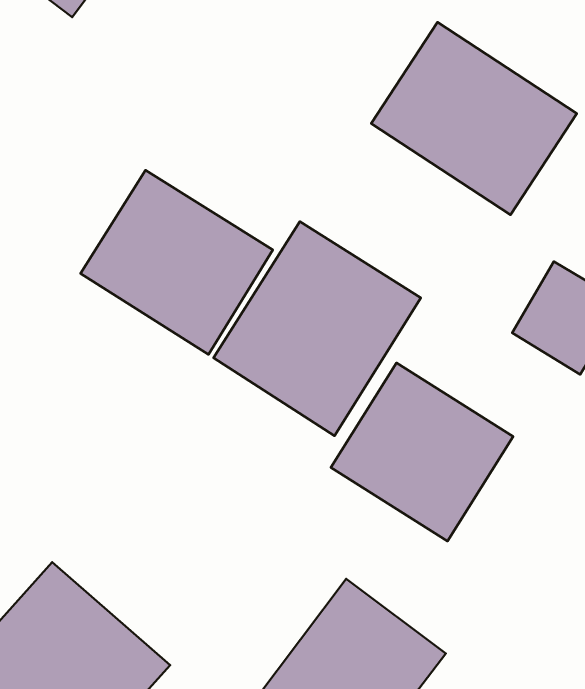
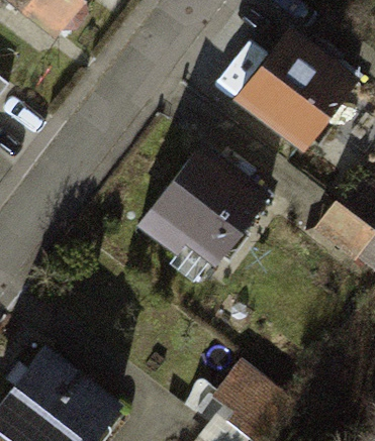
building: [81,170,273,354] -> none
building: [331,363,513,541] -> none

